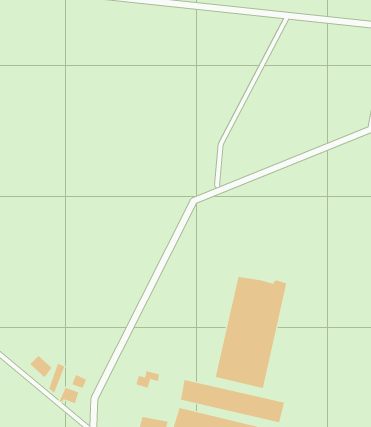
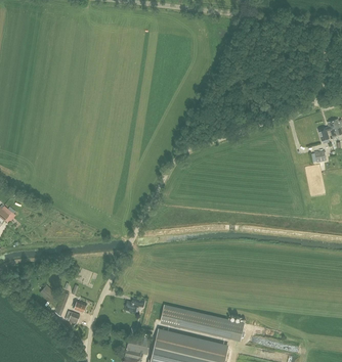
building: [215,276,287,389] -> none

